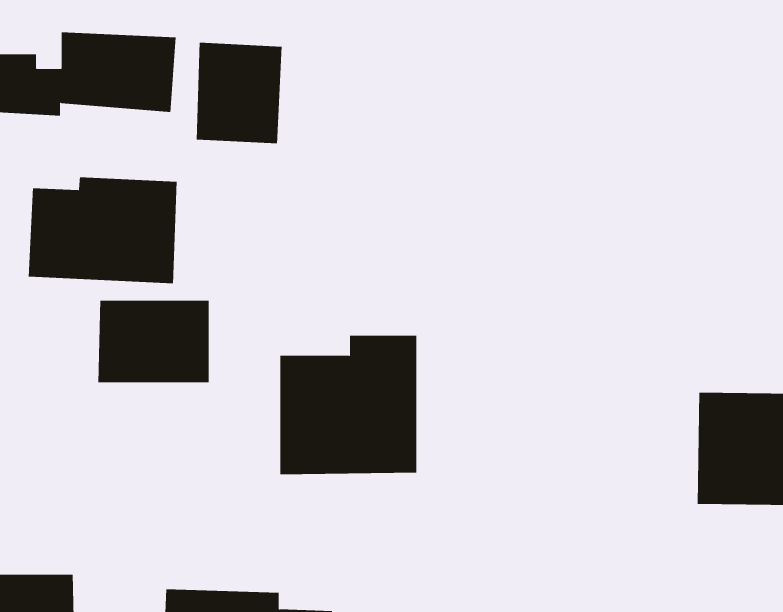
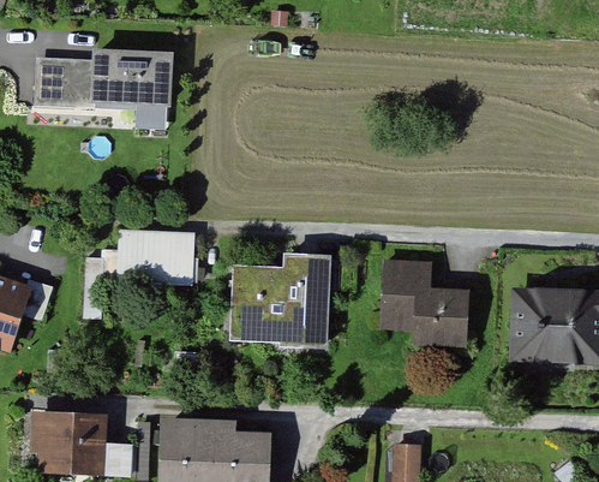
building: [196,42,282,144] -> none
building: [28,176,177,284] -> none
building: none -> [384,262,467,346]

